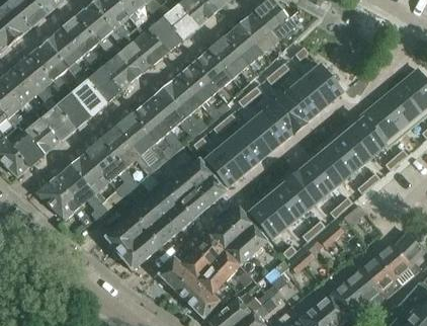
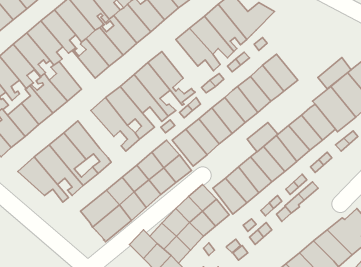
building: [193,48,243,103] -> none
building: [81,60,120,102] -> none
building: none -> [318,57,351,89]
building: [101,126,154,182] -> none
building: none -> [247,122,278,152]

